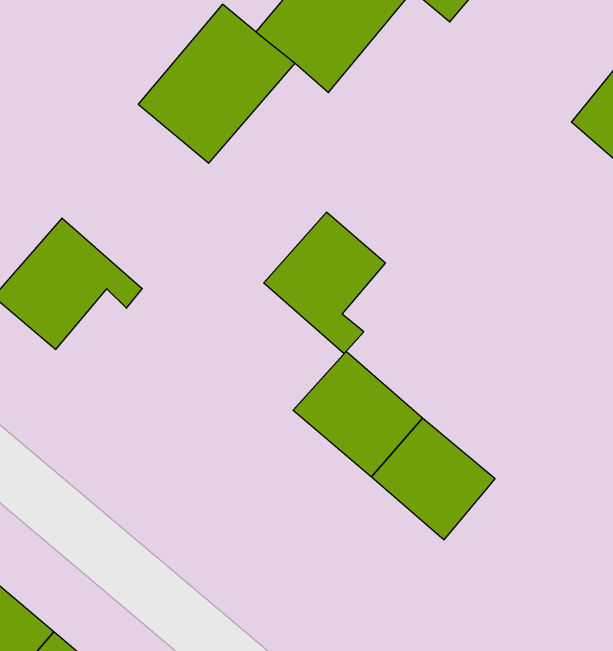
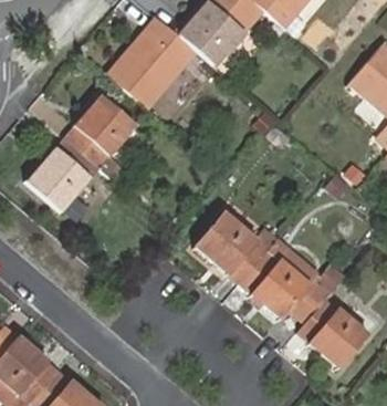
building: [264,212,385,354] -> [64,97,133,177]
building: none -> [296,298,367,366]

